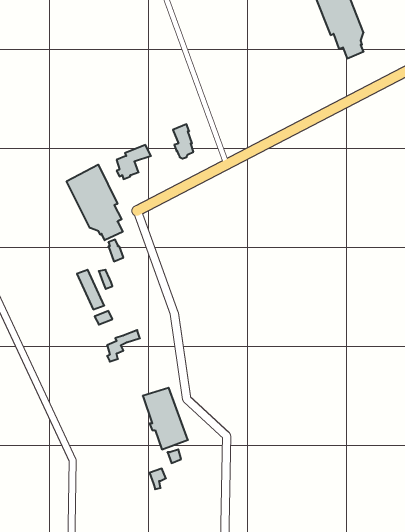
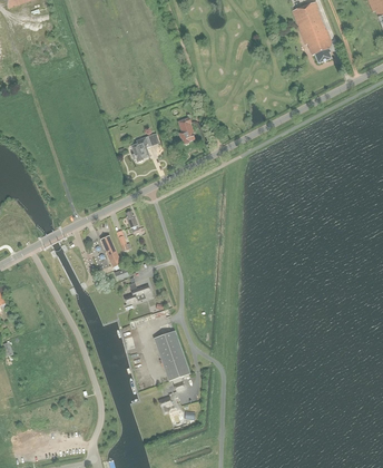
building: [67,165,123,240] -> none

